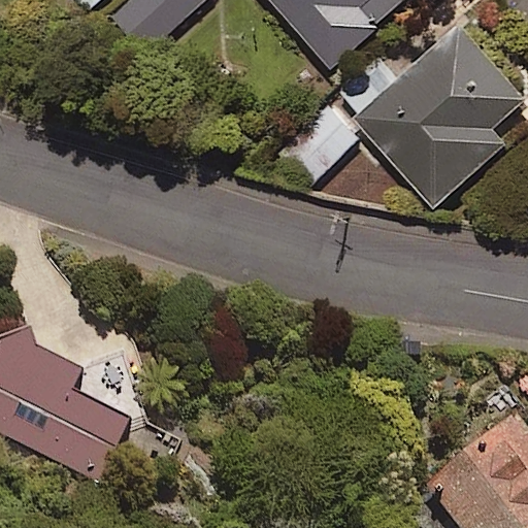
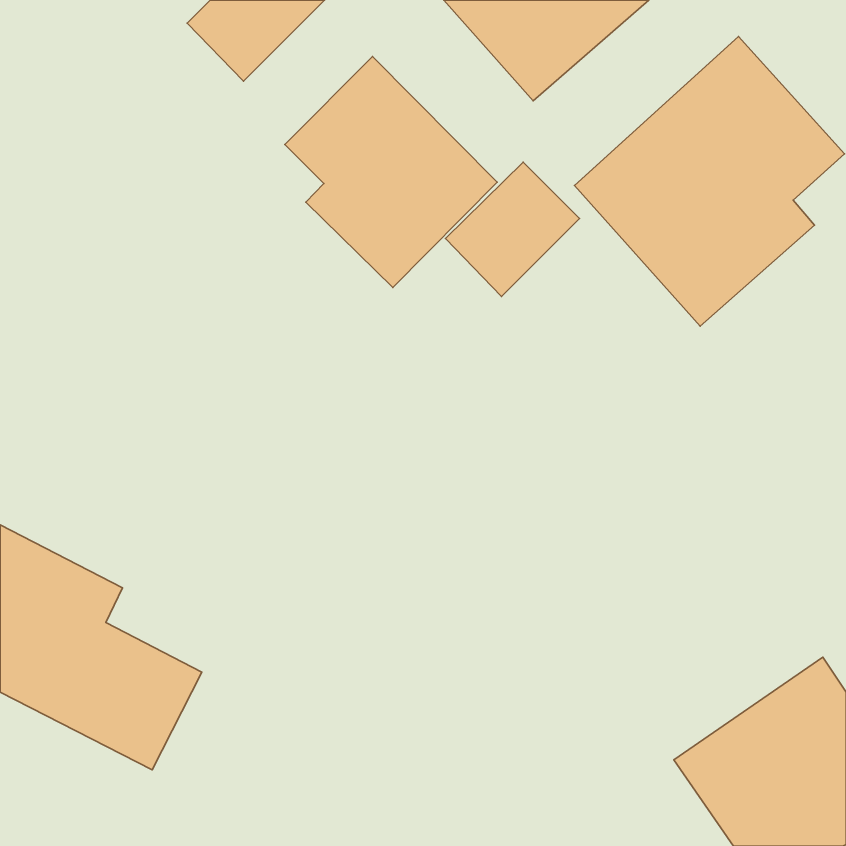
building: none -> [285,57,497,287]

